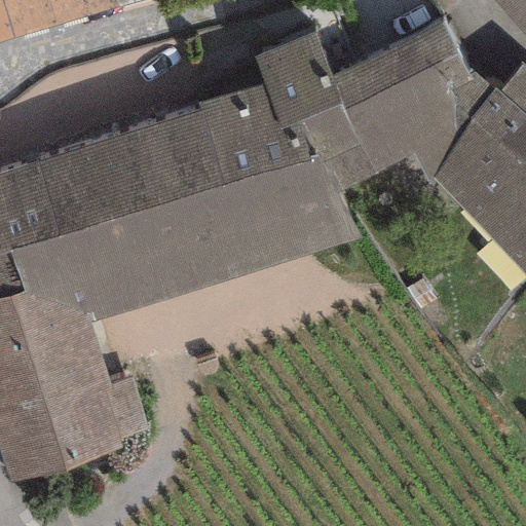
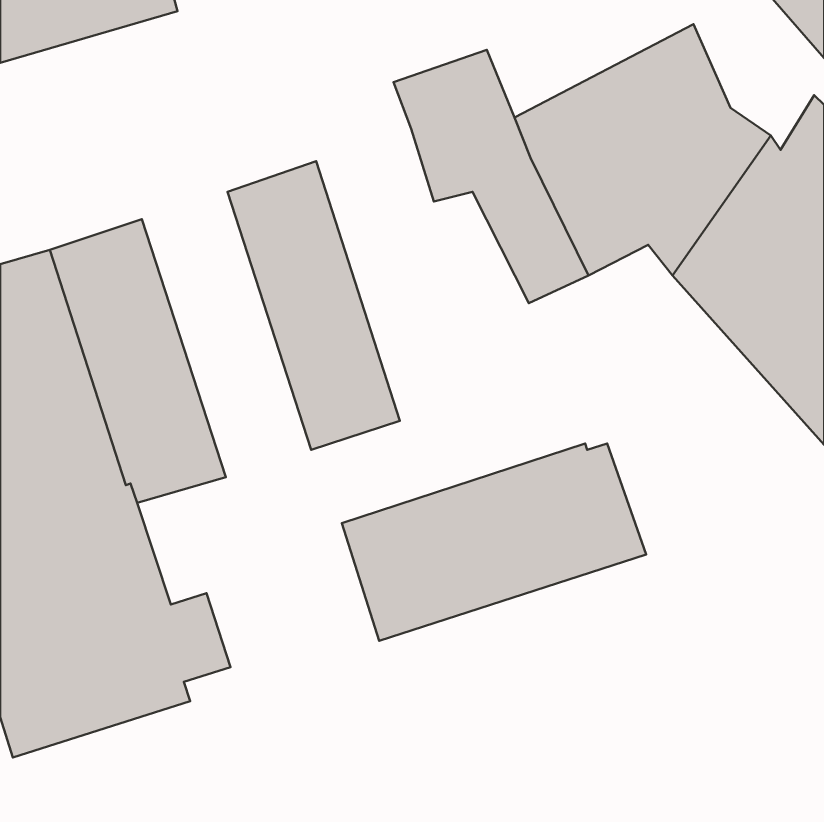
building: [201,82,360,268] -> none
building: [90,122,198,304] -> none
building: none -> [342,443,646,641]

